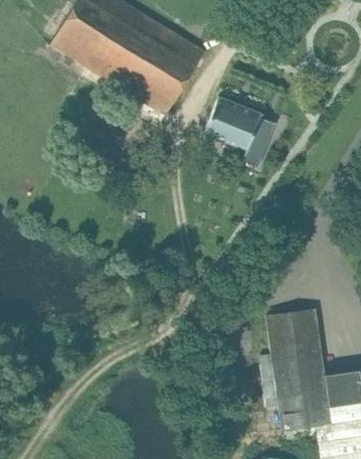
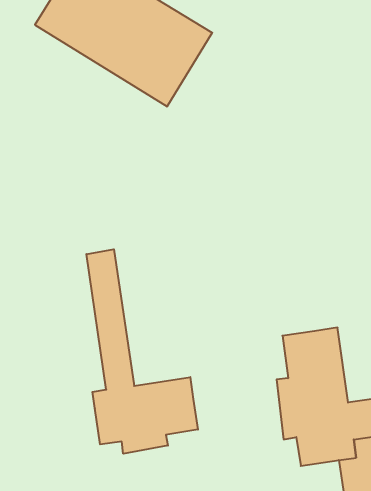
building: [205,97,276,167] -> none
building: none -> [86,249,198,454]

